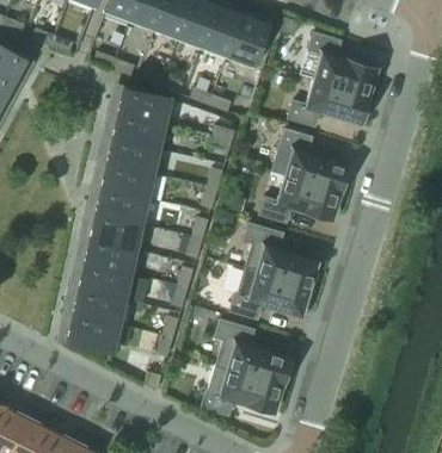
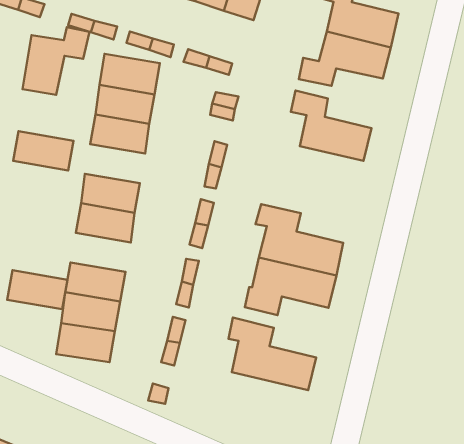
building: none -> [22,27,89,95]
building: [100,165,153,200] -> [13,131,74,170]
building: [259,176,339,223] -> none
building: [84,240,136,275] -> [7,270,67,309]
building: [202,366,281,416] -> none

